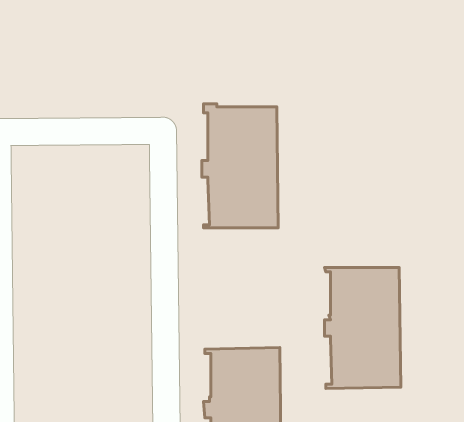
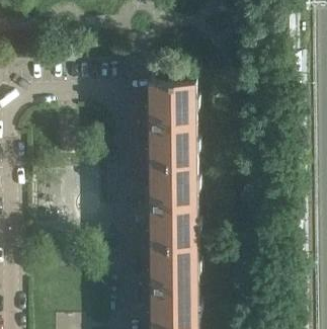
building: [324,267,401,388] -> [145,165,196,247]

